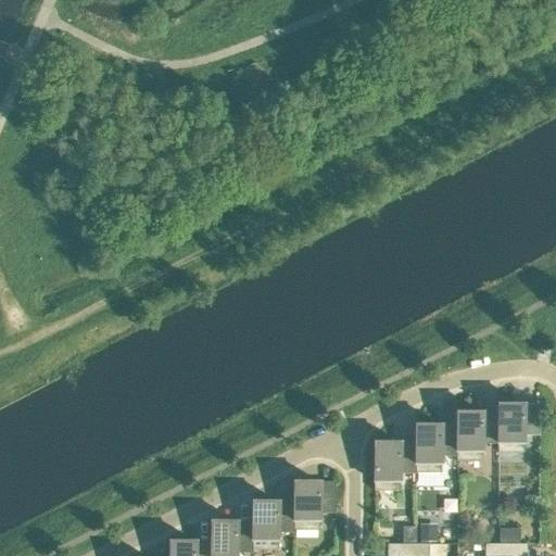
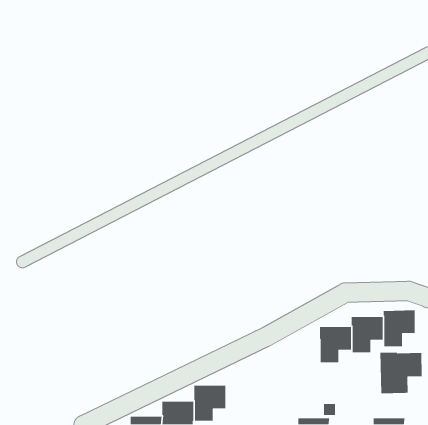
building: [372,441,415,489] -> none
building: none -> [379,352,423,394]
building: [292,480,334,528] -> none

